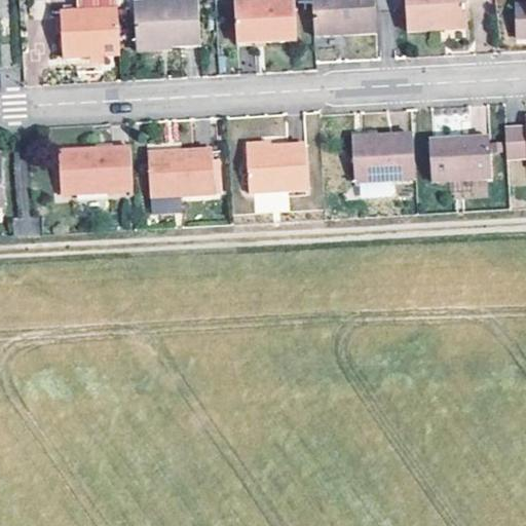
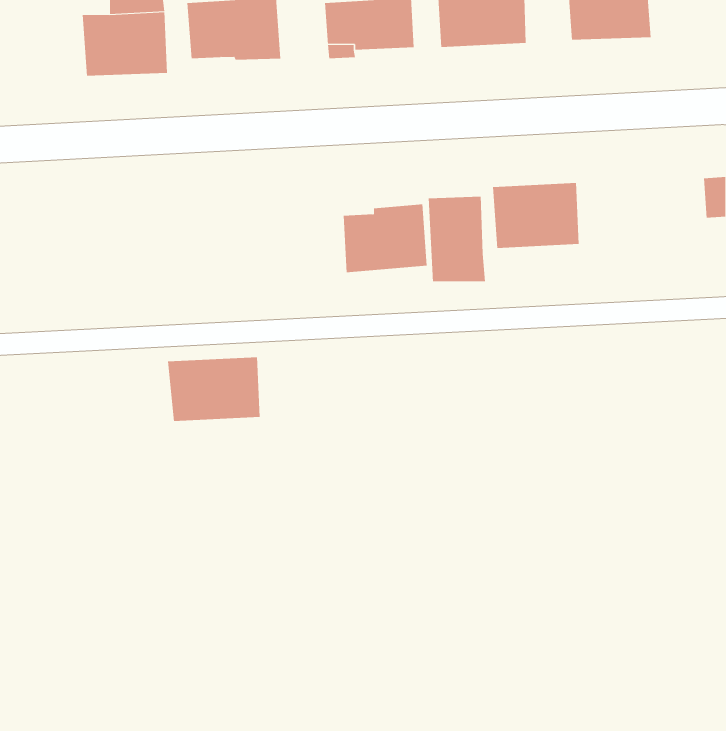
building: [426,139,490,182] -> none
building: none -> [428,196,486,282]
building: [55,147,130,193] -> none
building: [145,151,212,197] -> [167,357,261,421]

